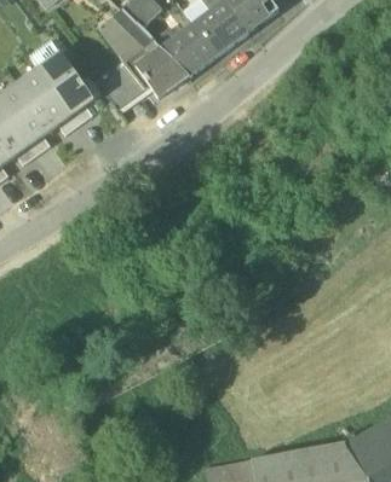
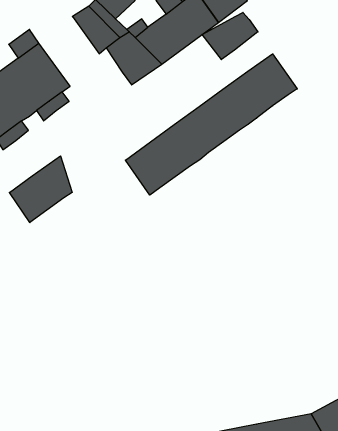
building: none -> [202,12,258,60]
building: [99,59,148,106] -> none
building: none -> [125,54,297,195]
building: none -> [9,156,72,223]

